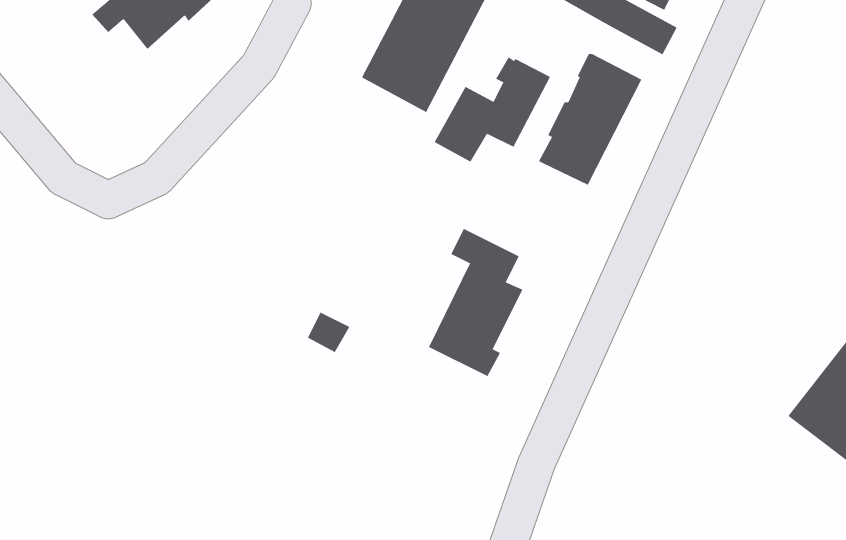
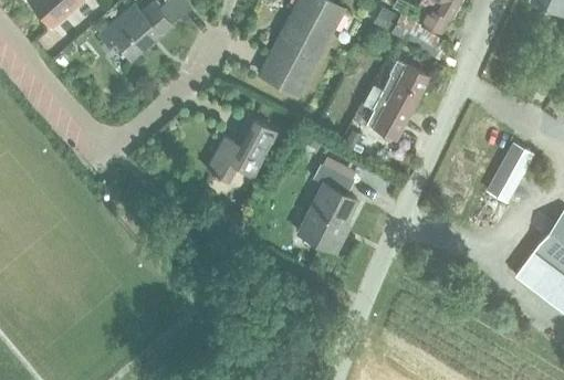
building: [434,57,551,162] -> [207,118,276,181]
building: none -> [489,144,532,202]

